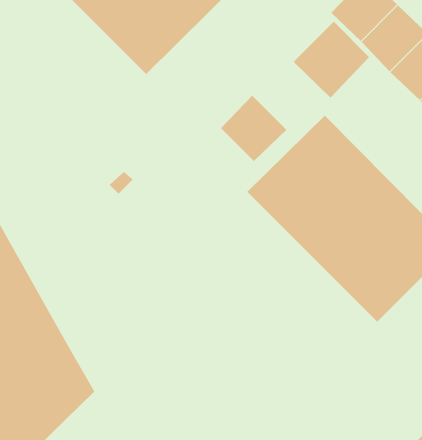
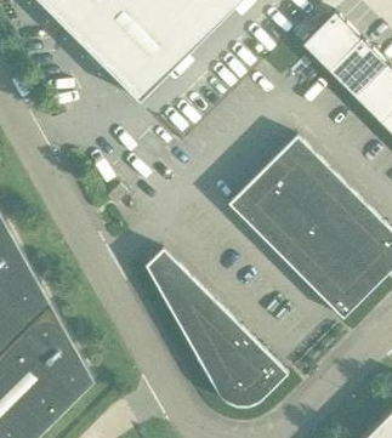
building: [293,21,370,98] -> none
building: [220,95,287,162] -> none
building: none -> [146,248,288,405]

